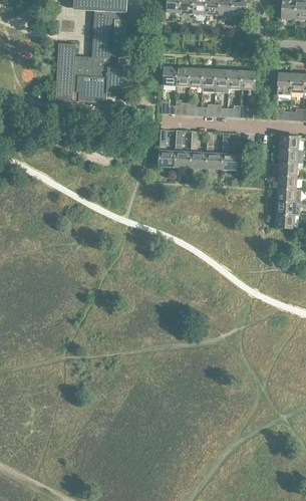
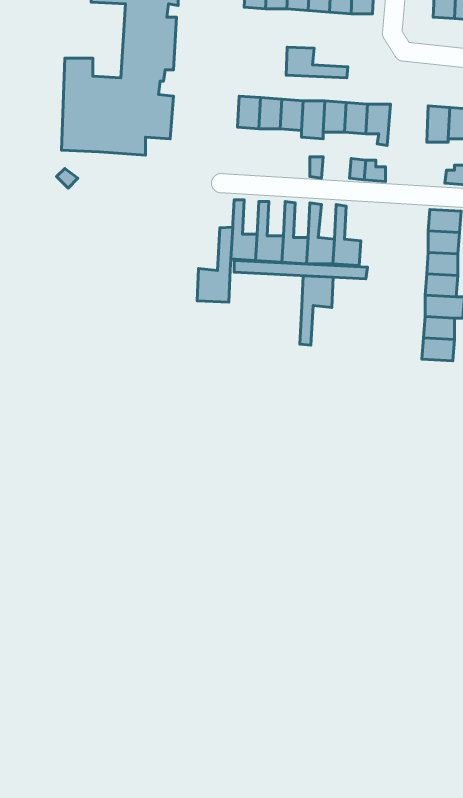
building: none -> [286,47,348,78]
building: none -> [197,227,233,302]
building: none -> [300,276,333,345]

